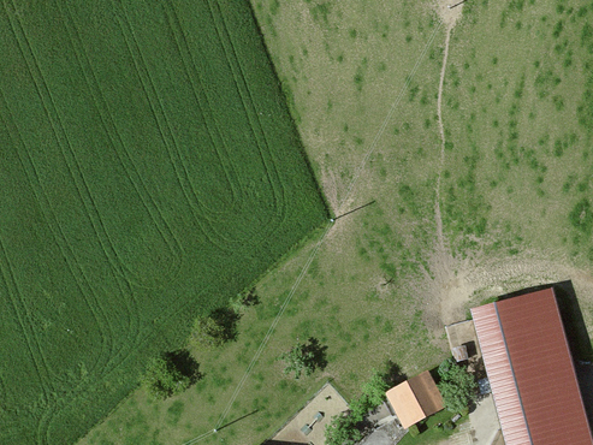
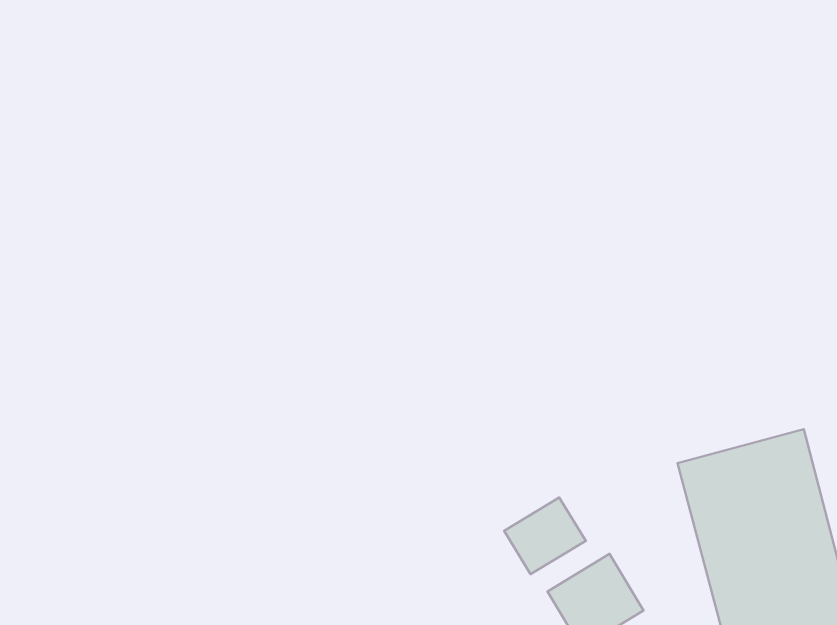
building: none -> [504,497,586,574]

